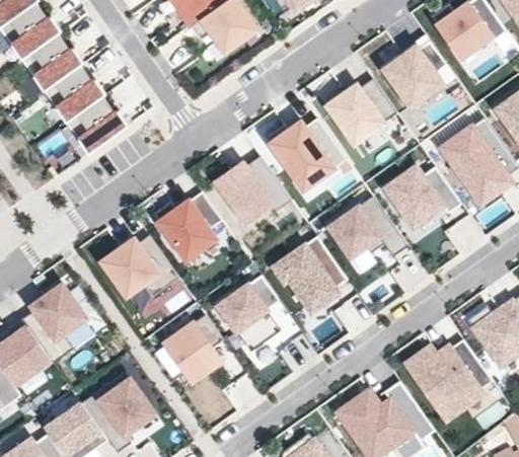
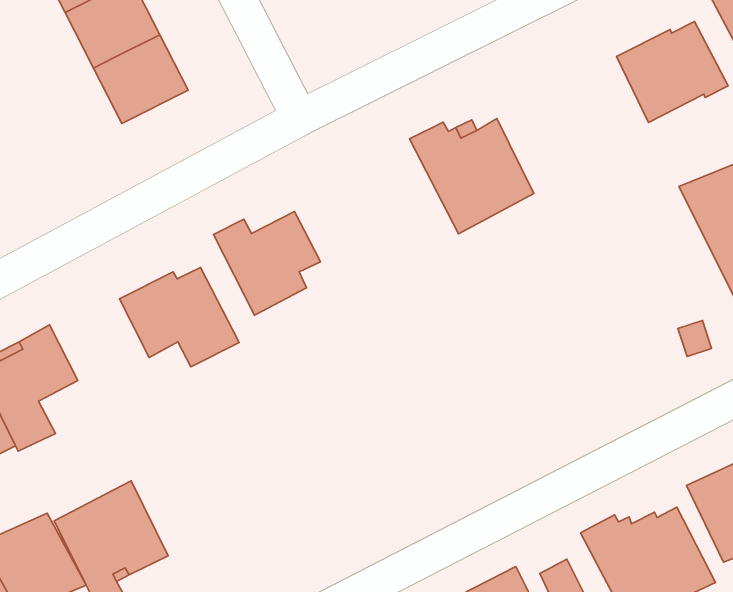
building: [326,78,396,144] -> none
building: [215,157,291,223] -> none
building: [384,166,461,228] -> none
building: [328,197,407,257] -> none
building: [277,236,347,307] -> none
building: [217,276,280,353] -> none
building: [165,315,222,380] -> none

